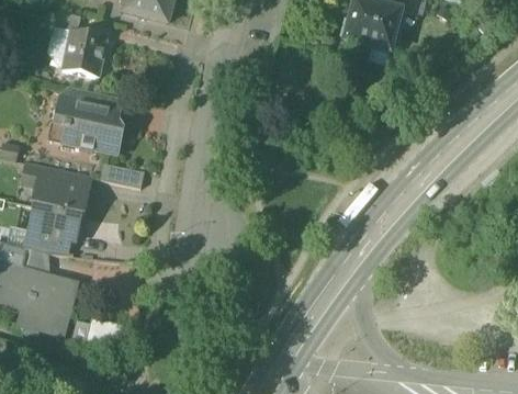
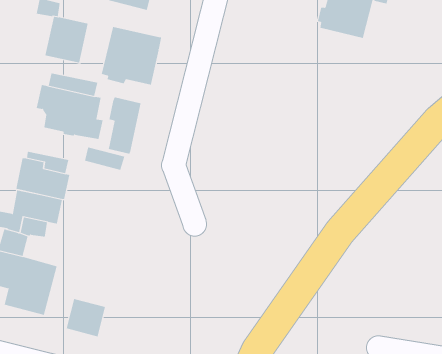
building: none -> [101,26,162,85]
building: none -> [108,96,141,155]

